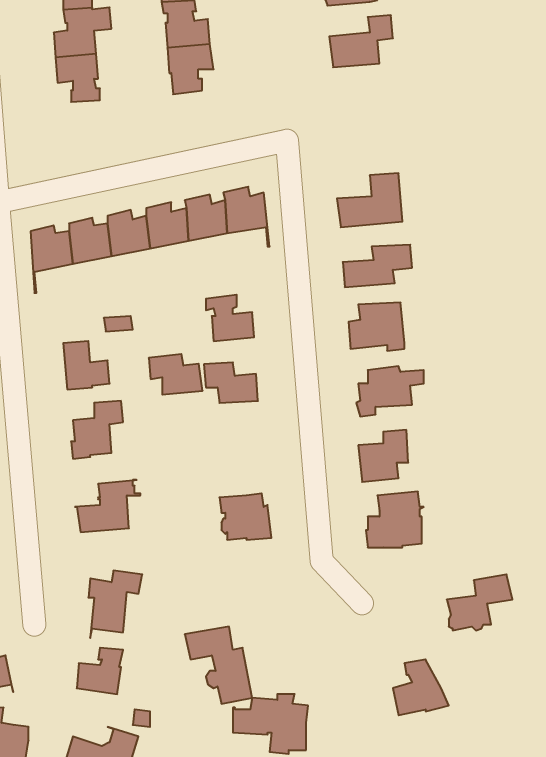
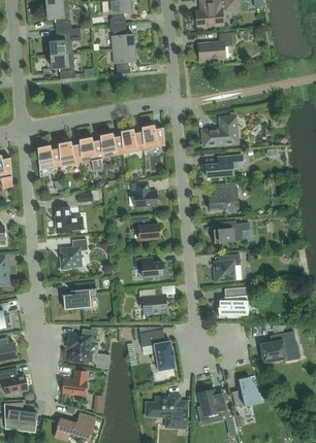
building: [149,354,203,395] -> [135,255,164,277]
building: [185,627,252,704] -> [139,329,176,370]
building: none -> [198,388,232,423]

